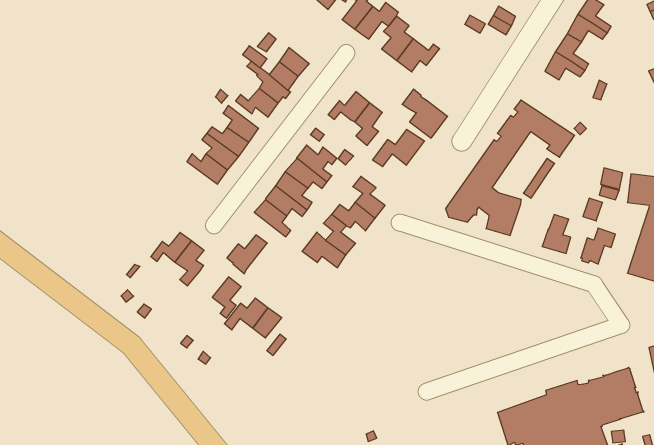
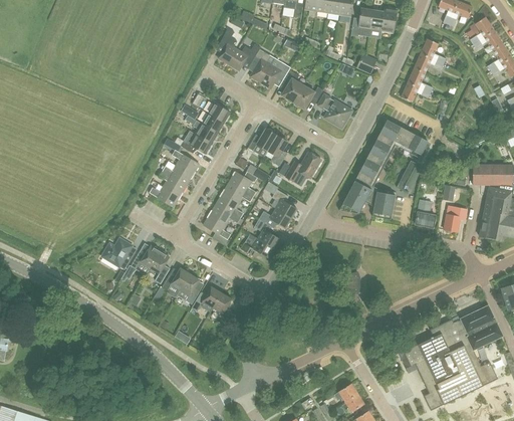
building: [402,89,448,138] -> [317,93,351,128]
building: none -> [102,238,136,268]
building: [227,235,267,274] -> [162,268,190,297]

